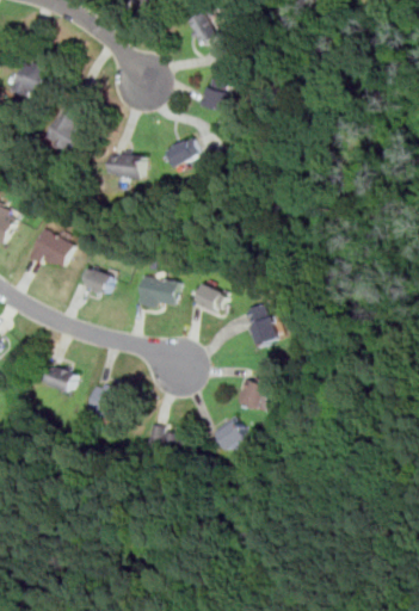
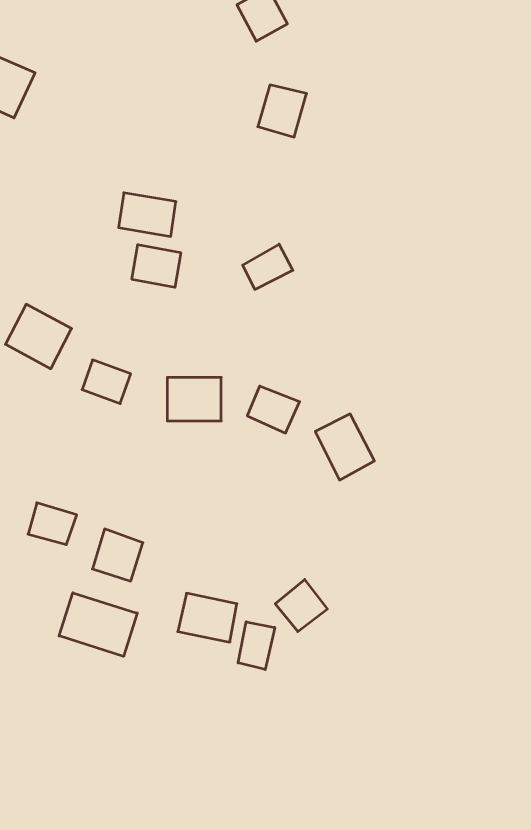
building: [44,107,91,158] -> none
building: [166,136,201,167] -> [243,244,293,289]
building: none -> [132,245,181,287]
building: [236,375,269,411] -> none
building: none -> [59,593,137,656]
building: none -> [238,622,275,670]

